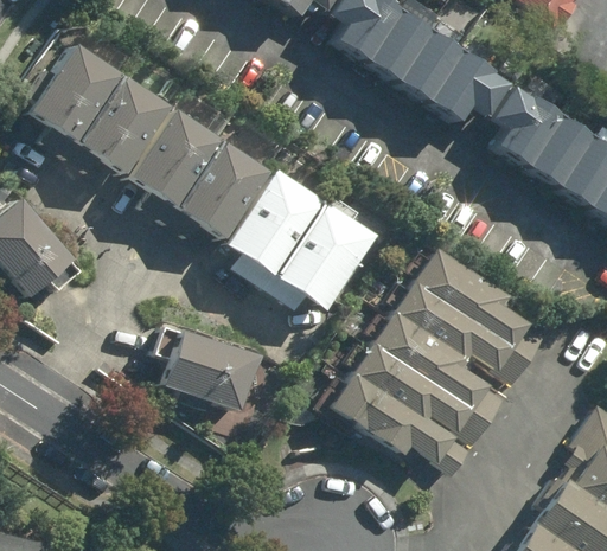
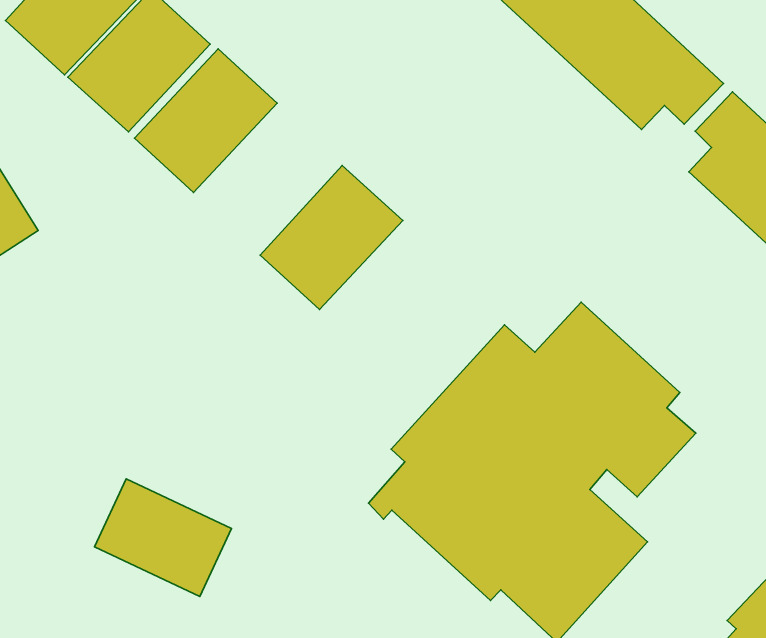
building: [171,146,264,245] -> none
building: [270,212,364,313] -> none
building: [154,340,245,412] -> [95,479,231,596]

